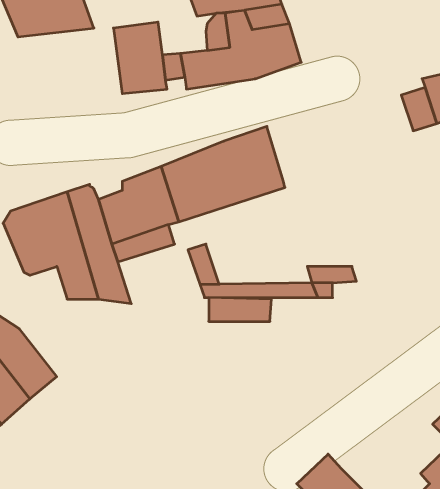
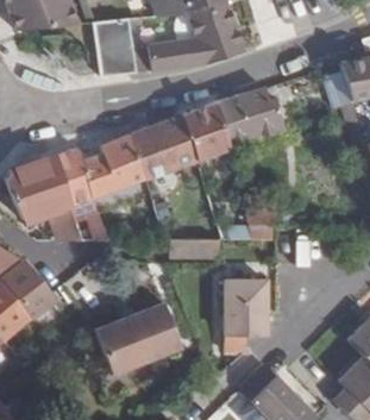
building: none -> [215,87,288,146]
building: none -> [225,280,266,351]
building: none -> [92,301,178,374]

